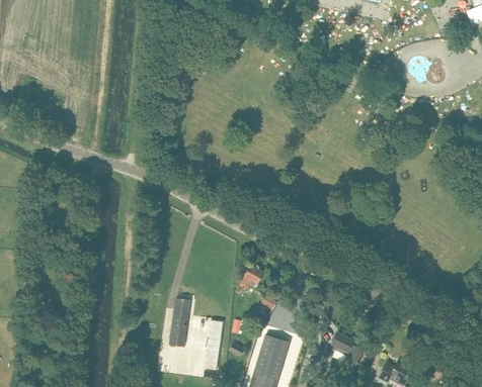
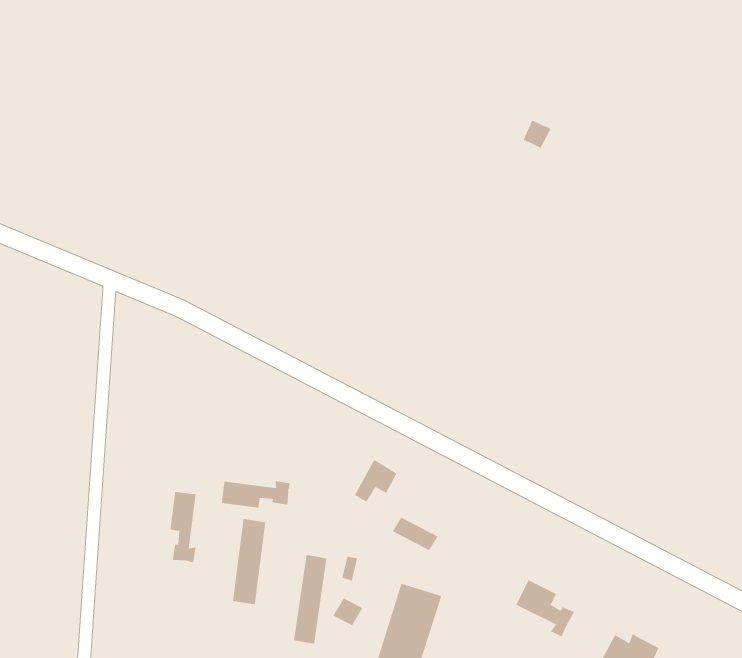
building: none -> [221,480,291,508]
building: none -> [170,491,196,563]

